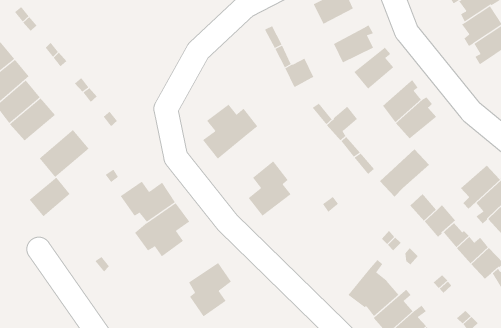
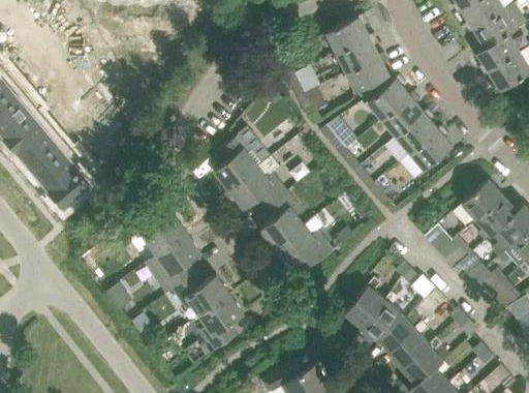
building: none -> [337,33,378,72]
building: none -> [382,92,423,135]
building: none -> [229,157,286,209]
building: [379,149,430,197] -> [452,179,503,229]
building: [29,173,71,217] -> [33,145,75,189]
building: none -> [275,225,333,268]
building: none -> [173,273,230,315]
building: none -> [345,278,384,328]

